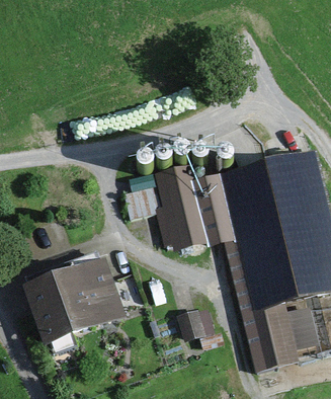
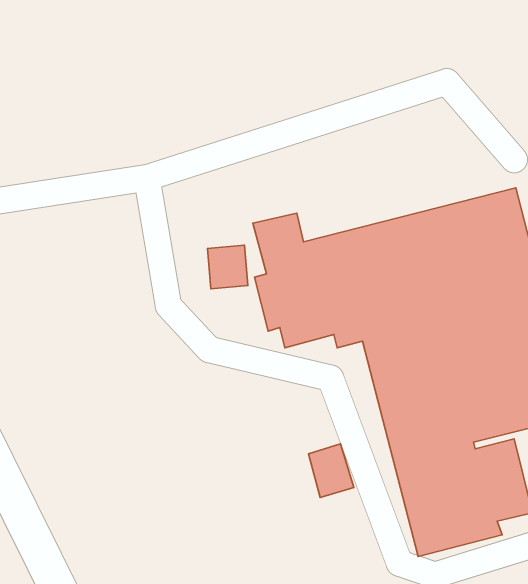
building: [22,255,123,343] -> none

